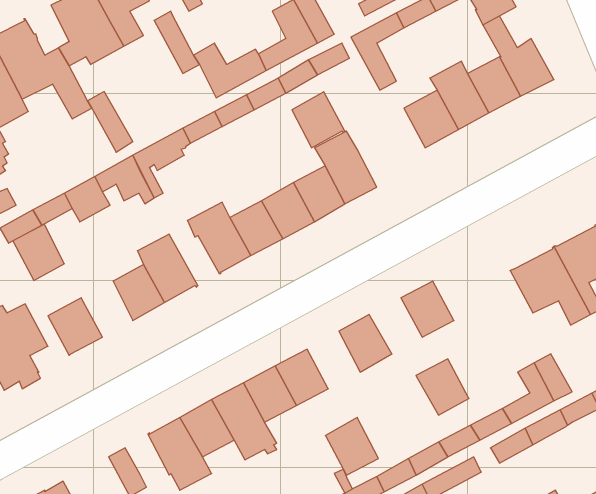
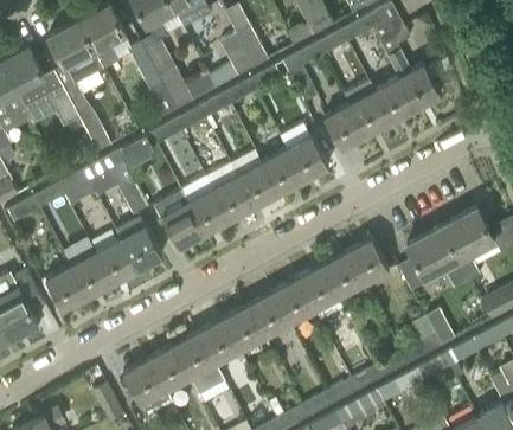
building: [292,92,345,148] -> [286,136,327,180]
building: [13,224,64,280] -> [70,253,110,297]
building: none -> [345,239,387,284]
building: [416,359,469,415] -> [295,267,336,310]
building: [325,417,378,475] -> [246,293,288,338]

